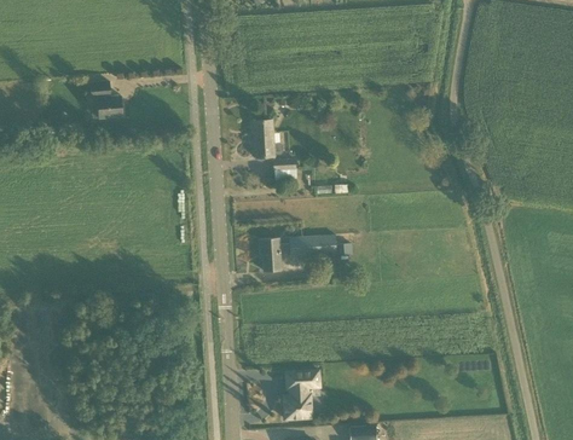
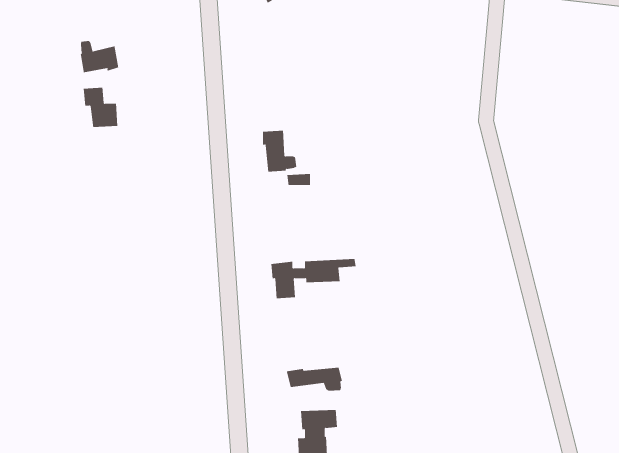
building: none -> [80,40,119,73]
building: none -> [286,367,343,392]

